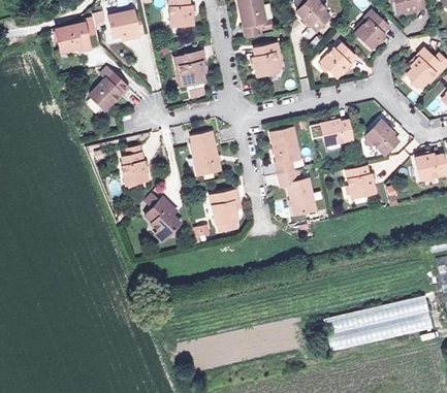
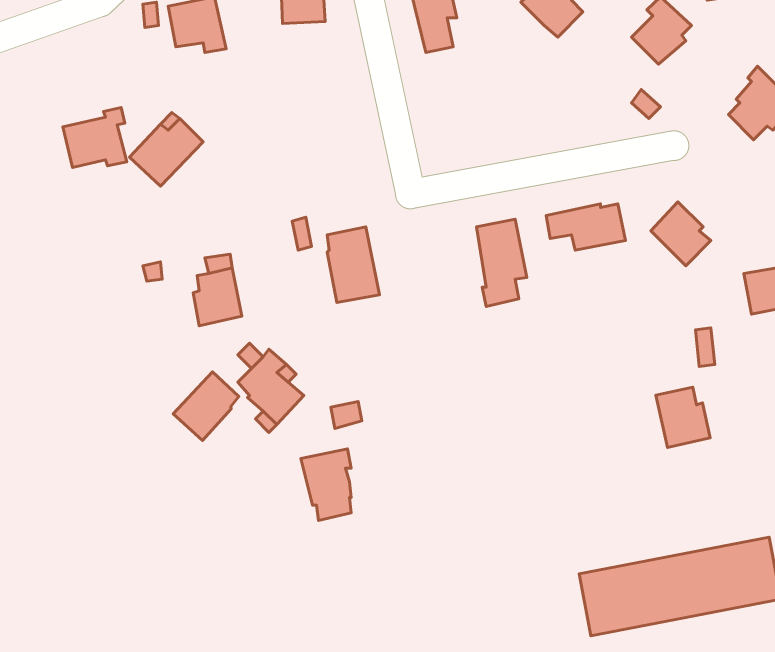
building: [56,21,90,53] -> [63,108,127,168]
building: [253,42,279,74] -> none
building: [320,42,354,74] -> none
building: [173,52,204,85] -> none
building: [346,164,375,196] -> [656,387,710,447]
building: [278,170,316,211] -> none
building: [212,191,238,229] -> [301,449,351,521]
building: none -> [173,372,239,440]

